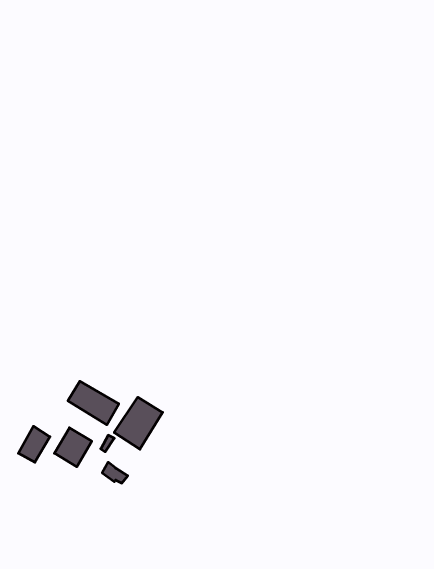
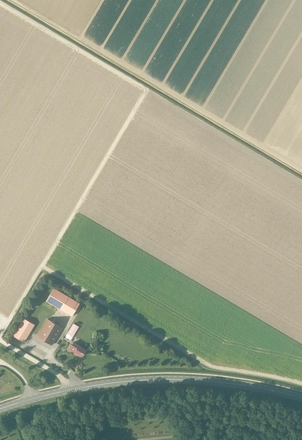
building: [114,397,163,449] -> none

